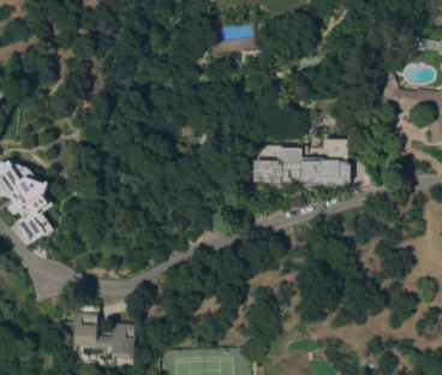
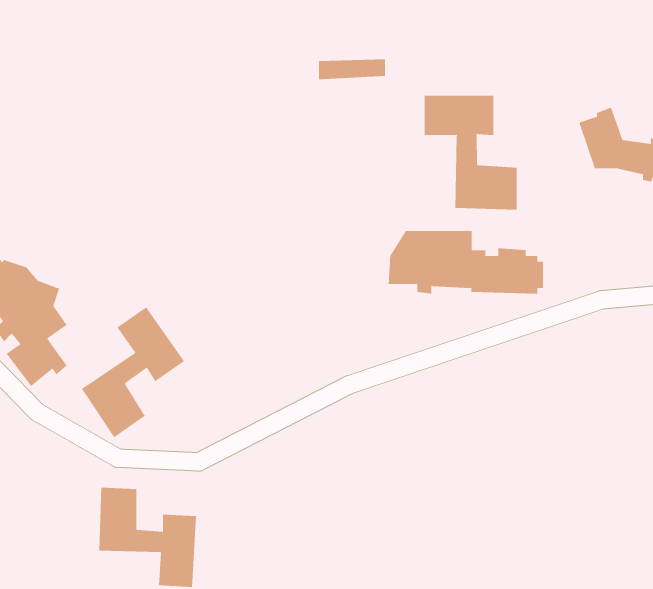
building: none -> [424,95,517,210]
building: none -> [81,306,185,438]

